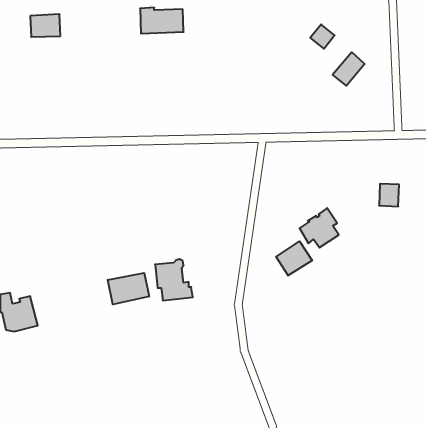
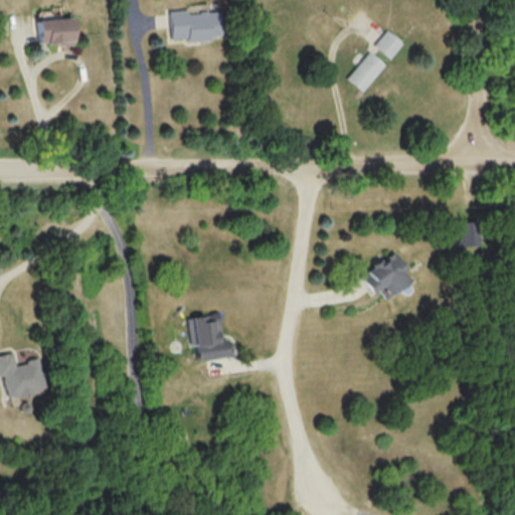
building: [333,52,365,86] -> [348,51,386,92]
building: [276,241,312,276] -> none
building: [108,273,149,304] -> none

